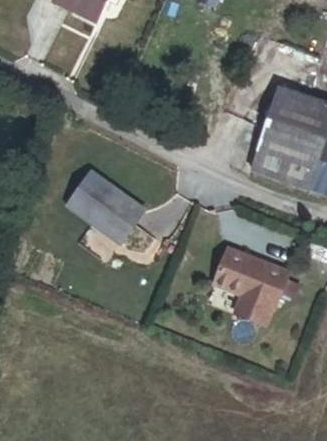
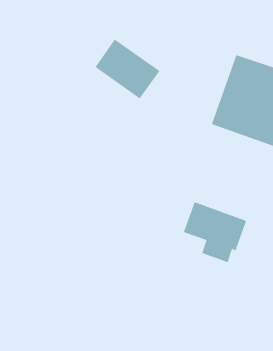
building: [68,169,144,239] -> [94,39,161,100]

